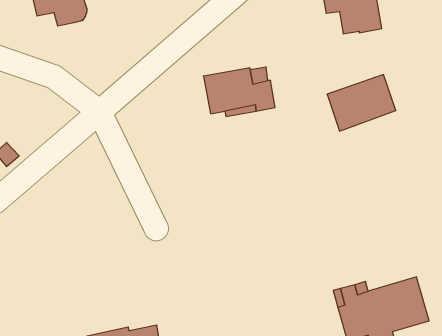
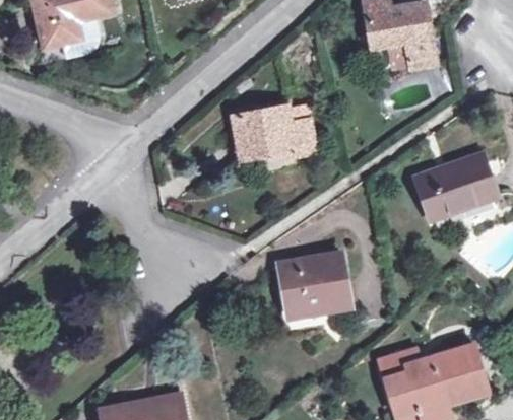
building: [327,75,396,131] -> [416,154,495,218]
building: none -> [277,251,349,313]

